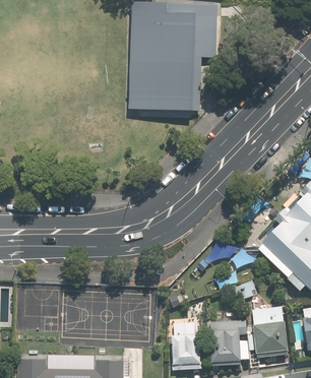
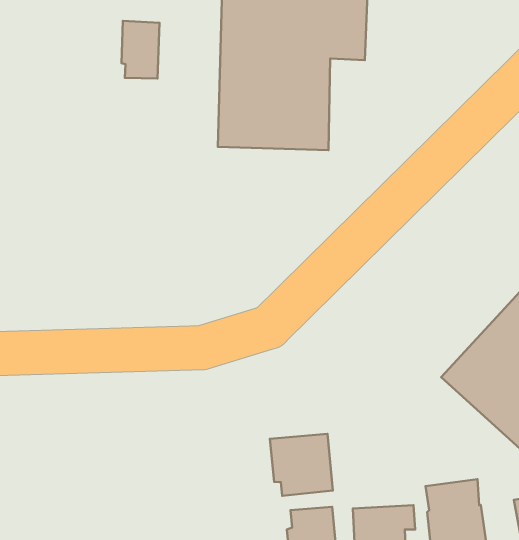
building: none -> [121,21,159,79]
building: none -> [270,434,333,496]

